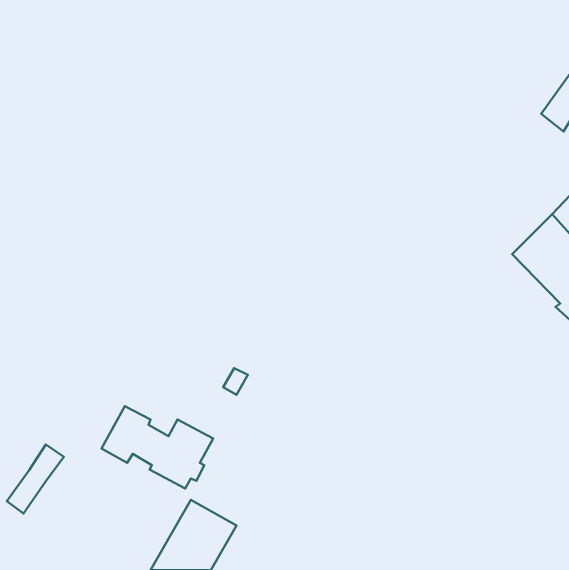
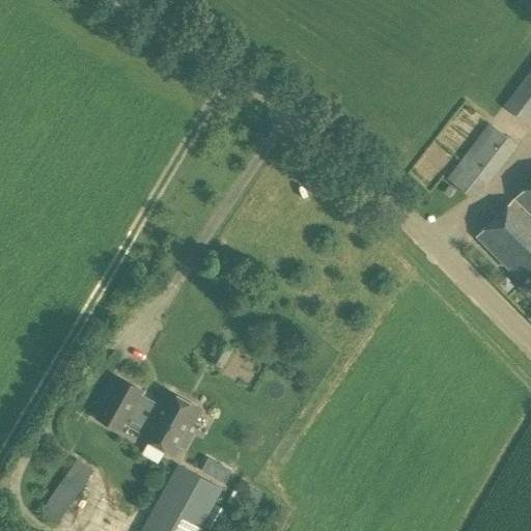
building: none -> [447,123,518,198]
building: [7,444,64,514] -> [40,459,93,524]

